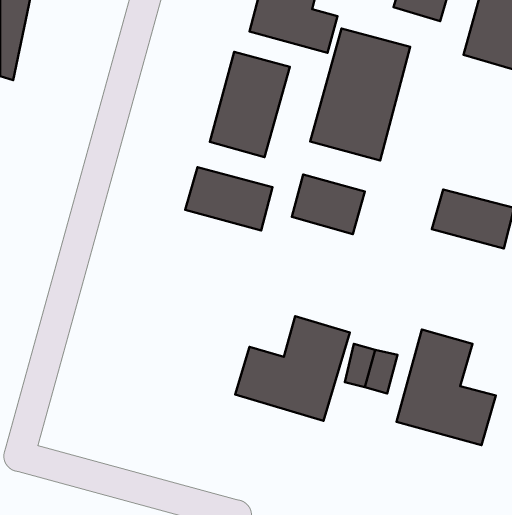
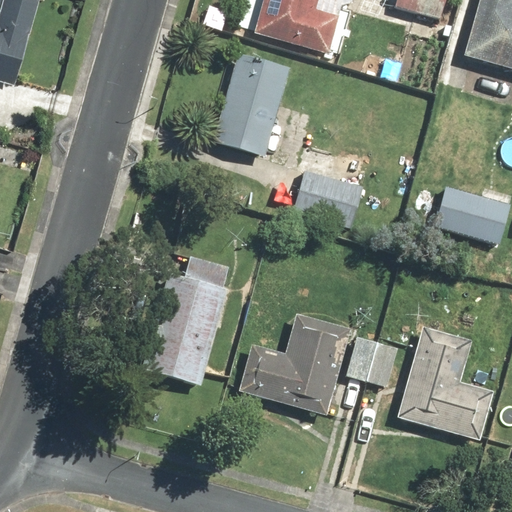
building: [310,28,410,160] -> none
building: [185,167,273,231] -> none
building: none -> [142,253,229,385]

